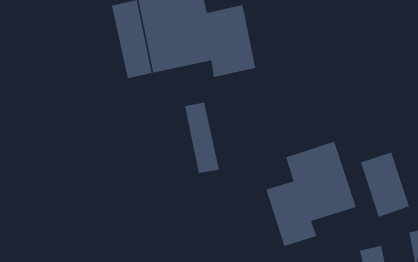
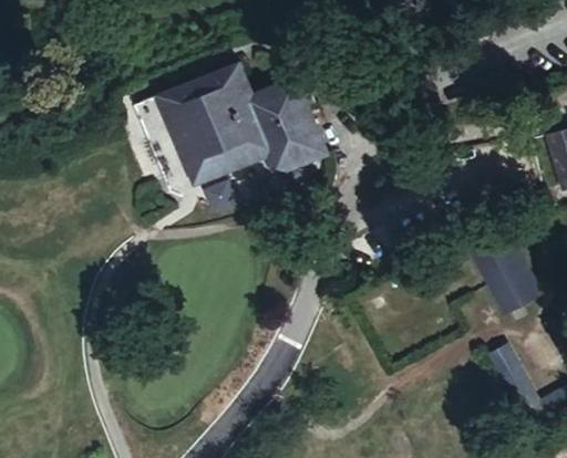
building: [185,102,219,174] -> none
building: [265,141,356,247] -> none

